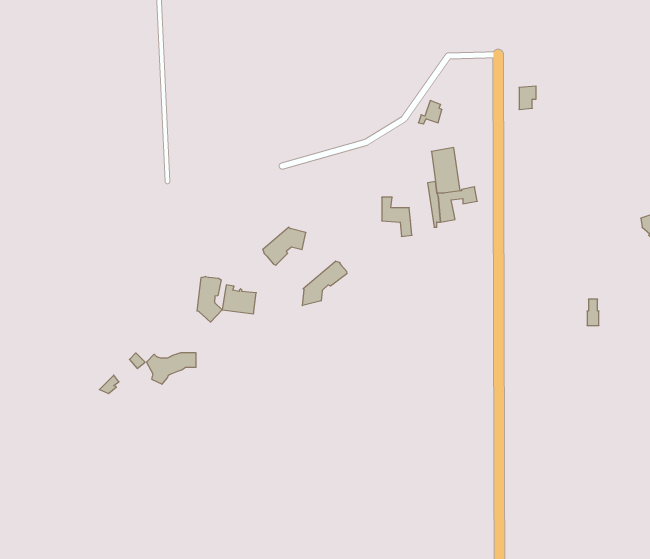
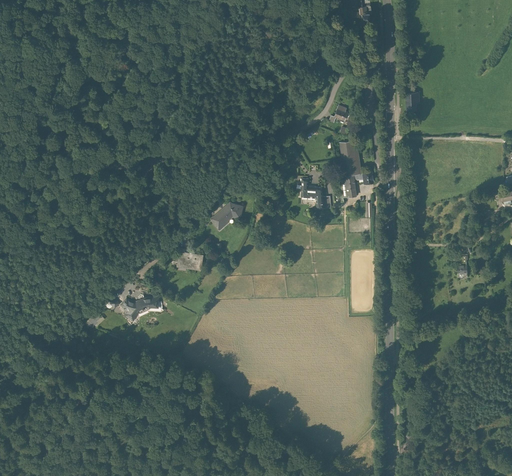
building: [302,261,347,306] -> none
building: [197,276,222,322] -> none

